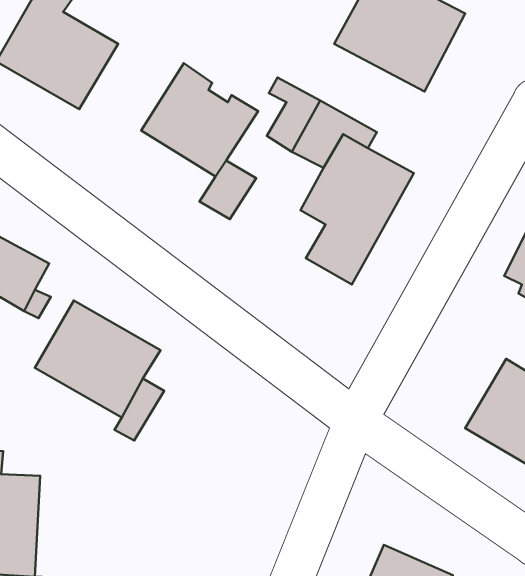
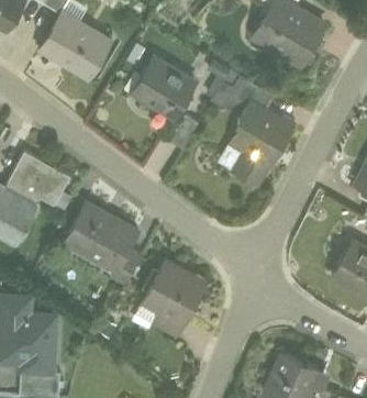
building: none -> [137,256,208,342]

